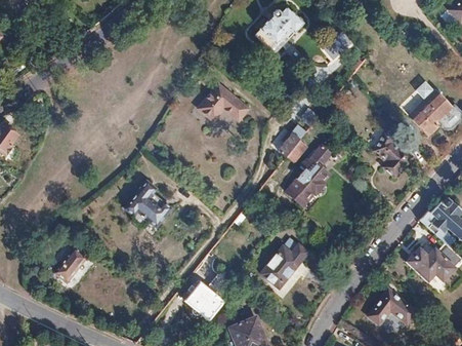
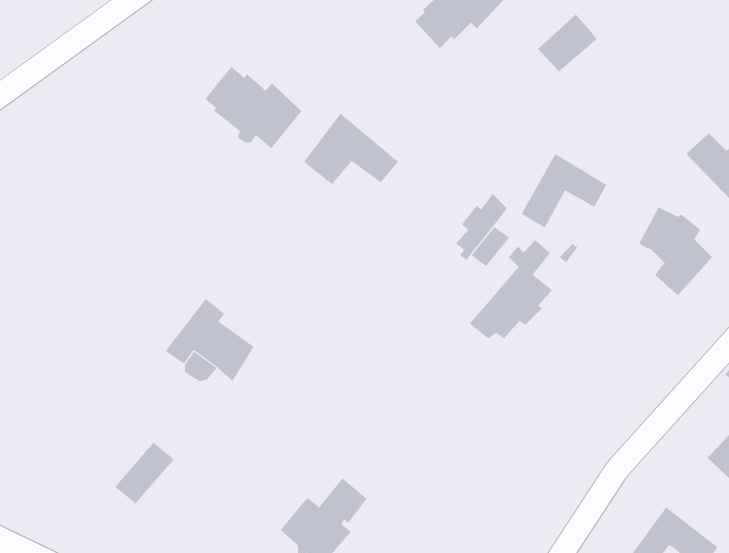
building: none -> [205,66,302,149]
building: none -> [521,153,607,228]
building: [260,239,308,290] -> none
building: [55,248,87,281] -> [114,442,175,504]

